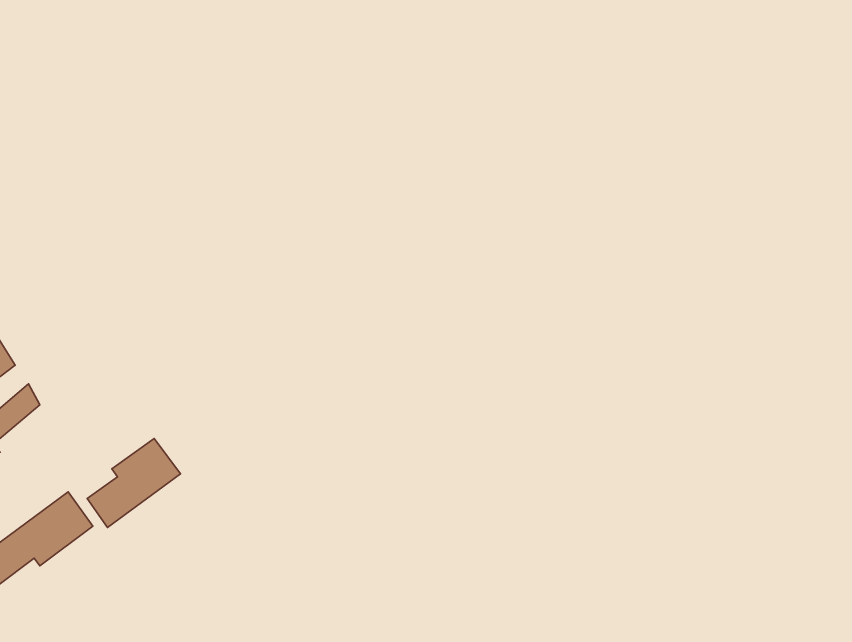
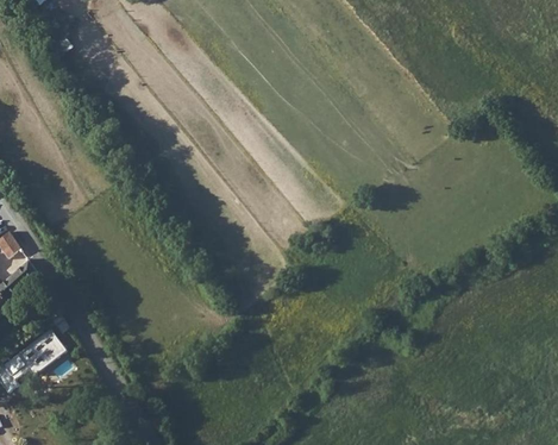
building: [87,439,180,527] -> none

